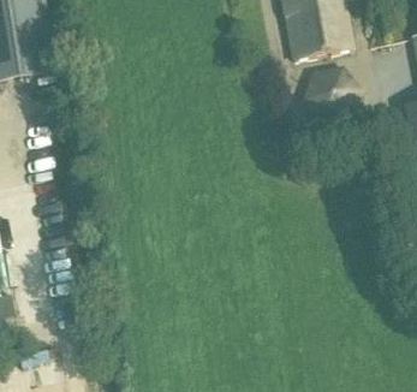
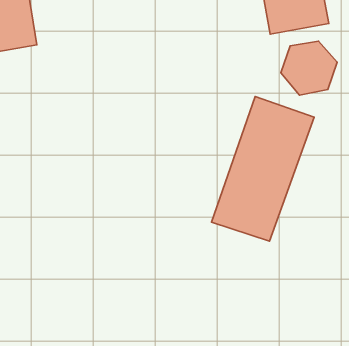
building: none -> [212,97,314,241]

